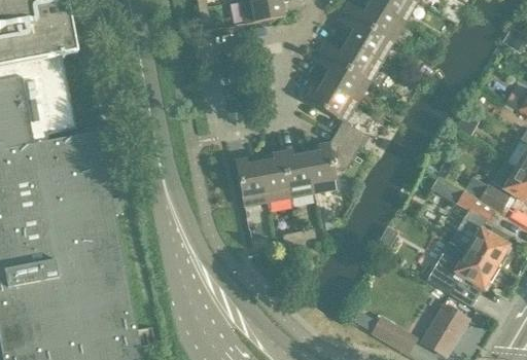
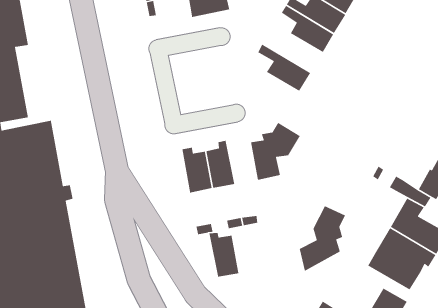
building: [318,40,386,83] -> none
building: [305,80,365,146] -> none
building: [281,149,314,197] -> [208,232,240,279]
building: none -> [299,205,346,274]

